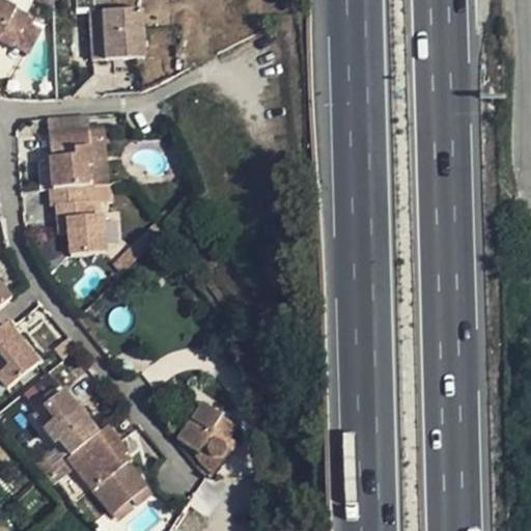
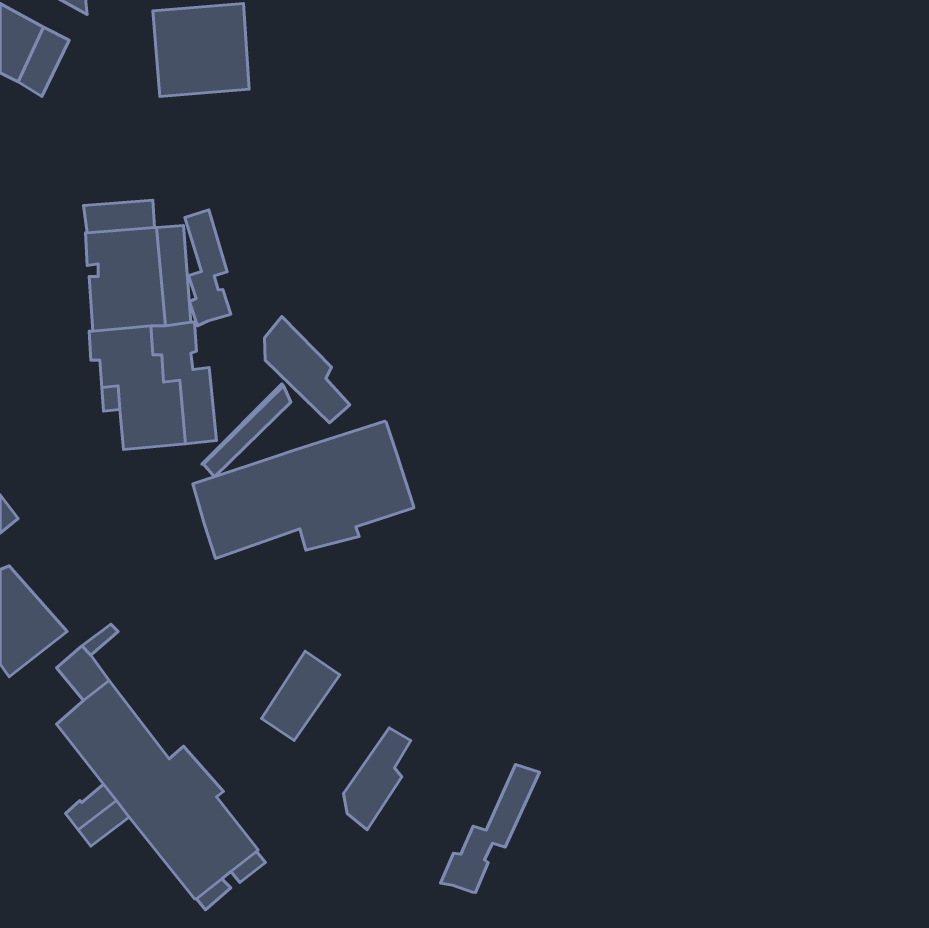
building: none -> [185,210,231,326]
building: none -> [264,316,350,423]
building: none -> [193,421,414,558]
building: [177,401,222,452] -> [262,651,340,740]
building: none -> [441,764,540,893]

